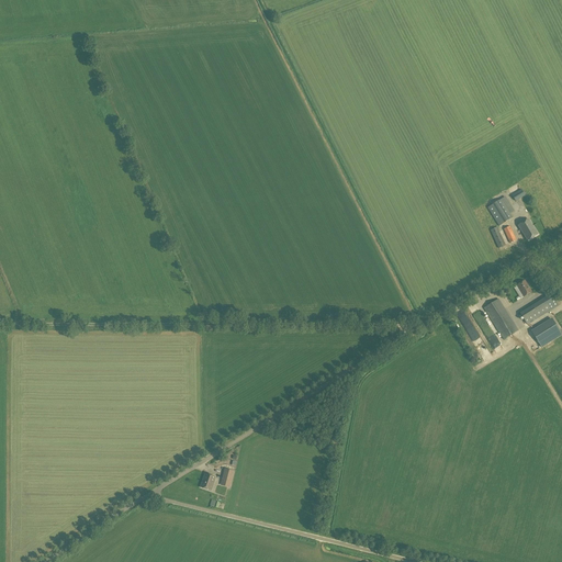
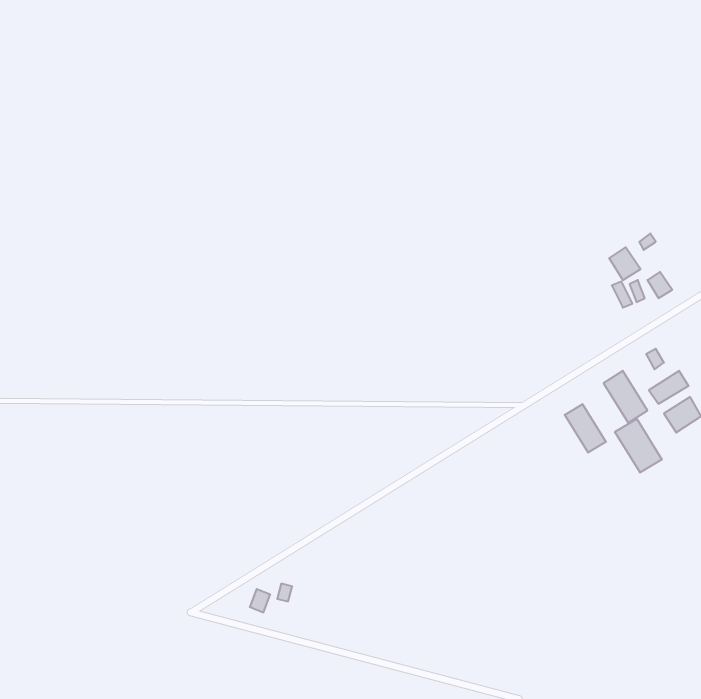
building: none -> [565,404,606,453]
building: none -> [615,419,662,473]

